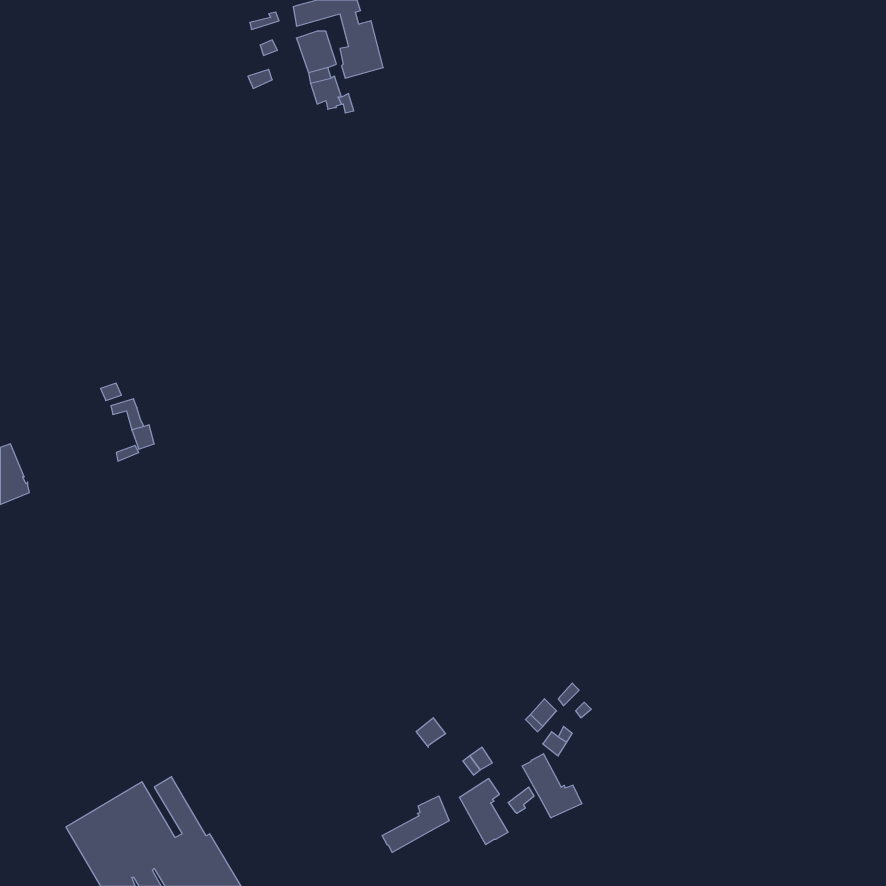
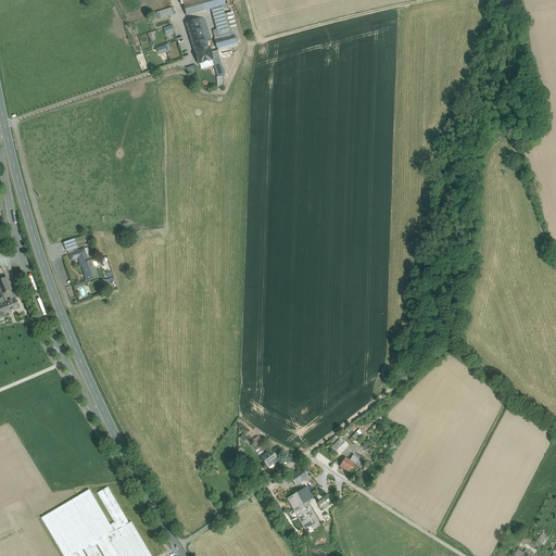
building: [522,754,582,818] -> none
building: [382,796,449,852] -> none

